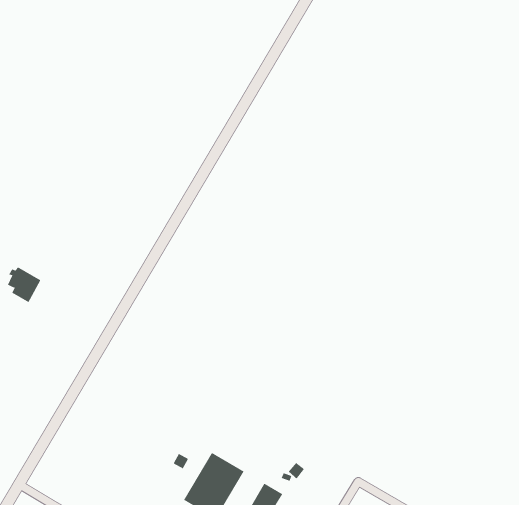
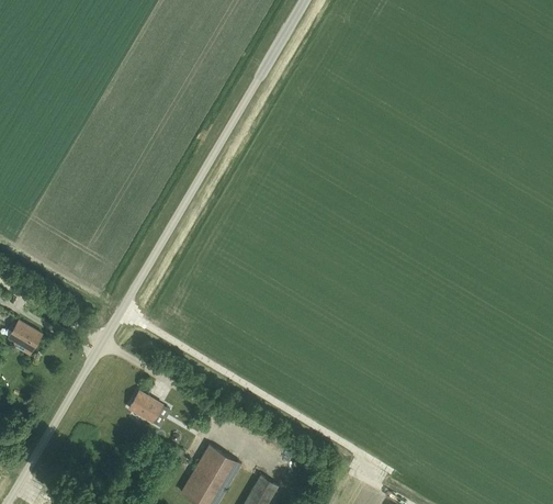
building: [7,267,41,303] -> [10,321,43,356]
building: none -> [129,391,161,422]

